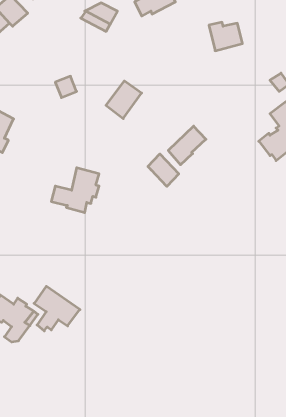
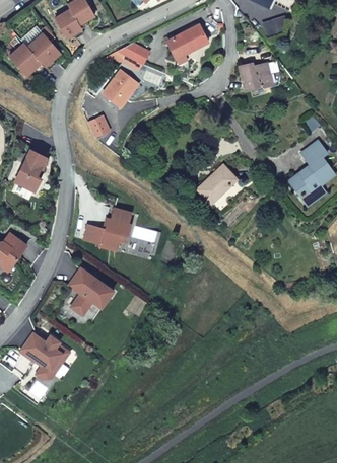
building: [106,81,142,119] -> [103,70,138,107]
building: [148,154,179,186] -> none
building: [34,286,80,331] -> [68,268,114,313]

